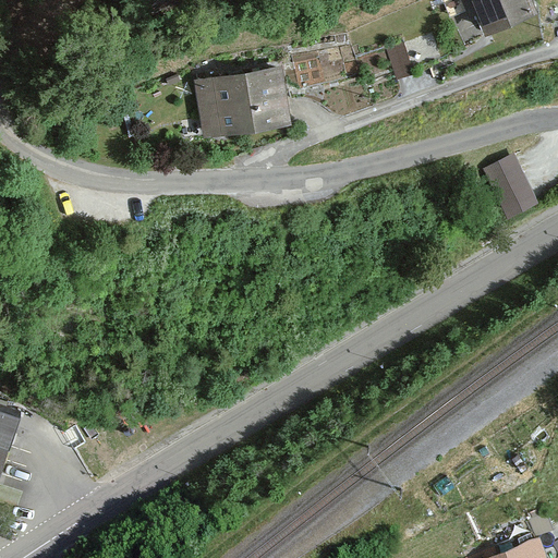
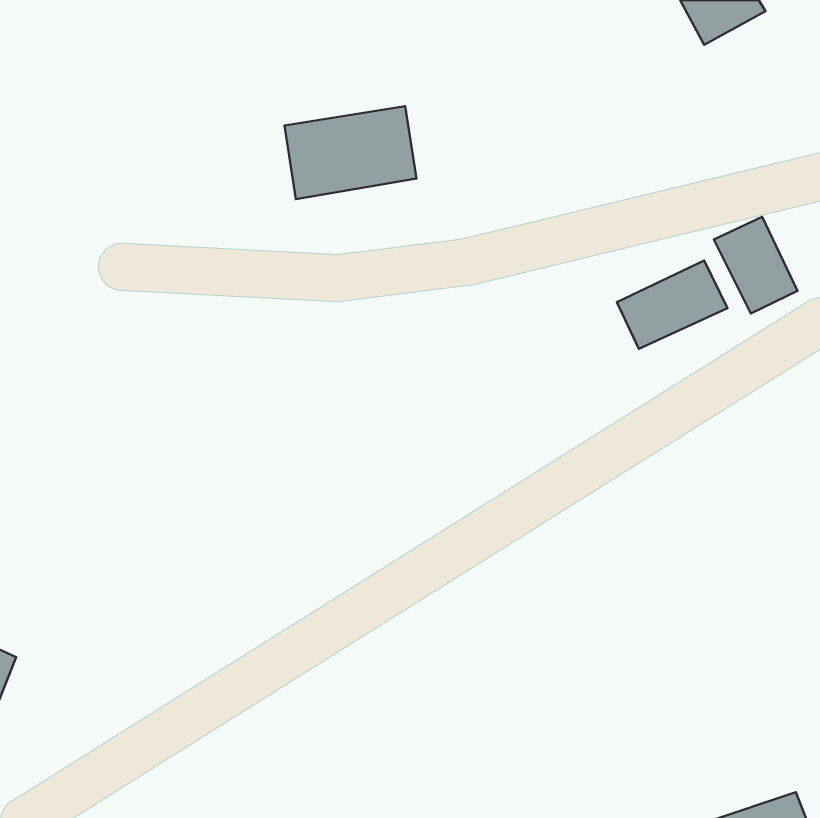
building: none -> [617,260,728,349]

